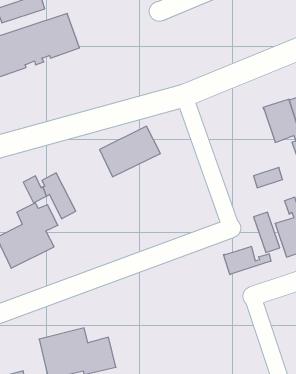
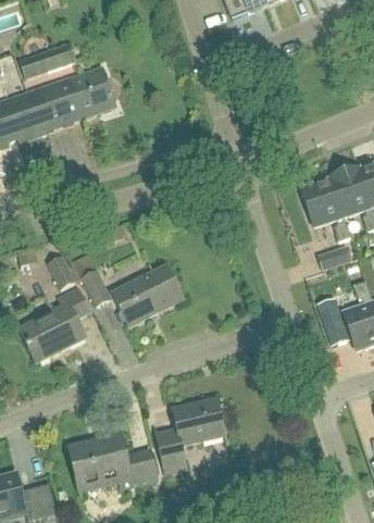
building: none -> [300,176,350,240]
building: [100,126,160,177] -> [112,265,183,324]
building: [223,246,271,275] -> none
building: none -> [155,398,226,472]

